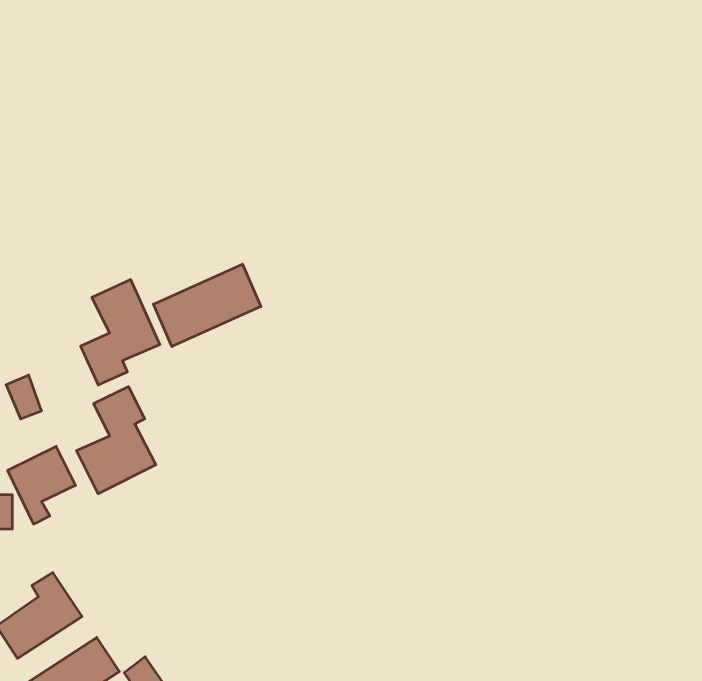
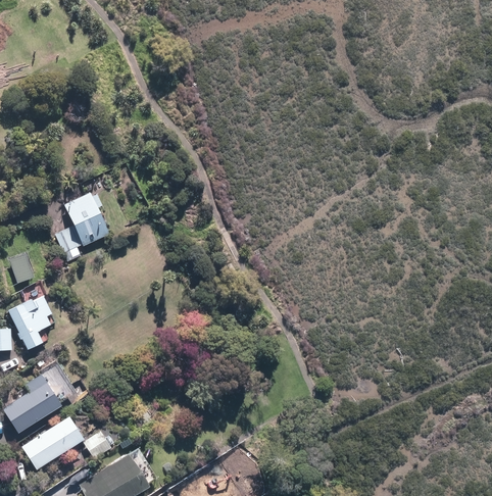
building: [153,264,261,347] -> none
building: [77,387,156,494] -> none

